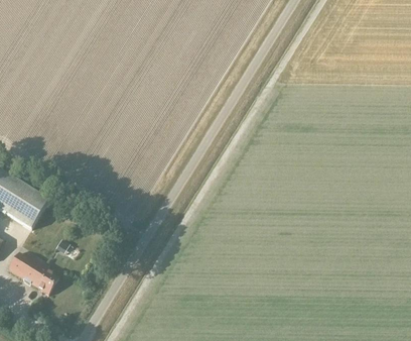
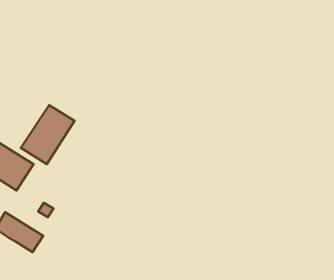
building: none -> [21,105,75,164]

